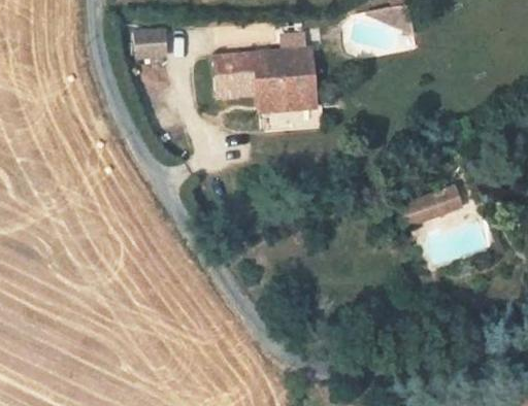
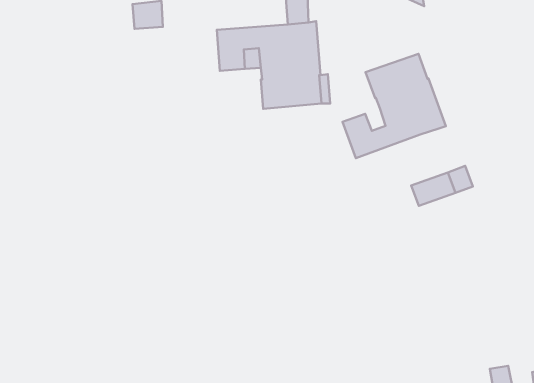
building: none -> [343,54,446,158]

